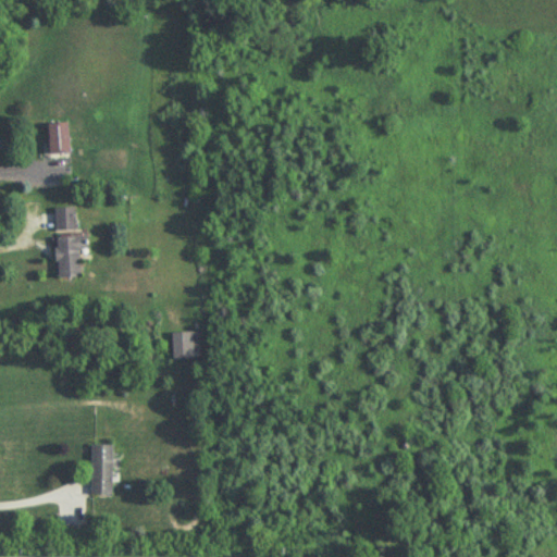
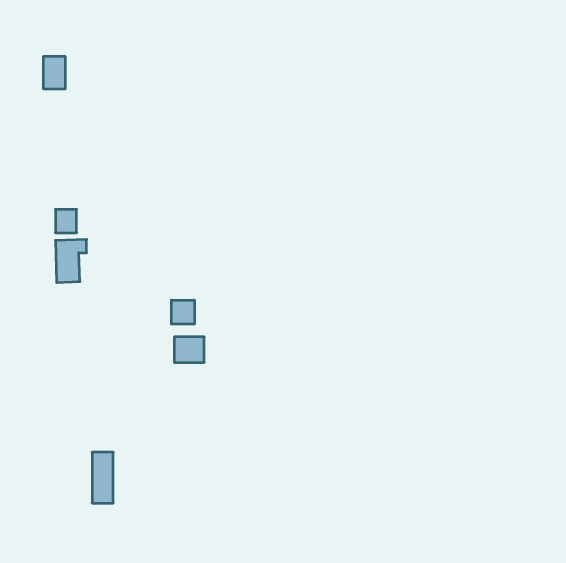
building: [48,120,70,151] -> [43,57,65,89]
building: none -> [171,300,194,324]

